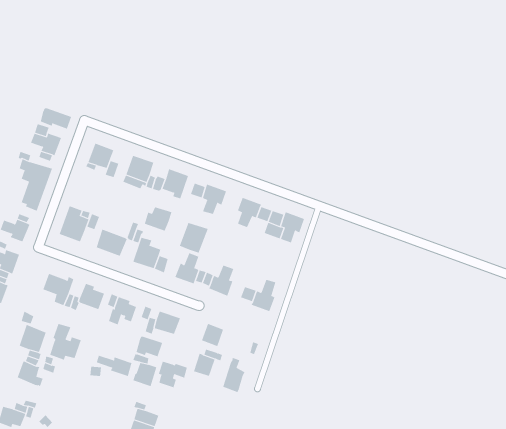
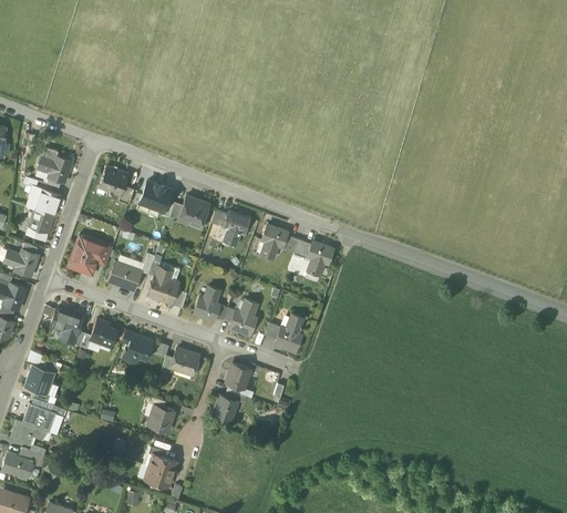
building: [40,107,72,129] -> none
building: [144,206,172,231] -> none
building: [179,222,208,253] -> none
building: [49,323,82,360] -> none
building: [136,336,163,357] -> none
building: [96,355,132,377] -> none
building: [222,357,245,393] -> none
building: [158,361,188,388] -> none
building: none -> [10,420,44,444]

